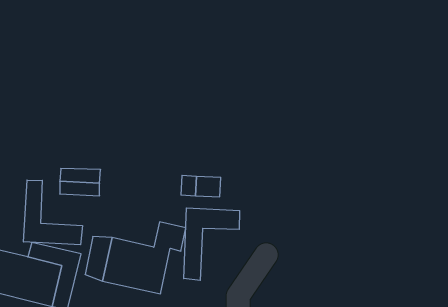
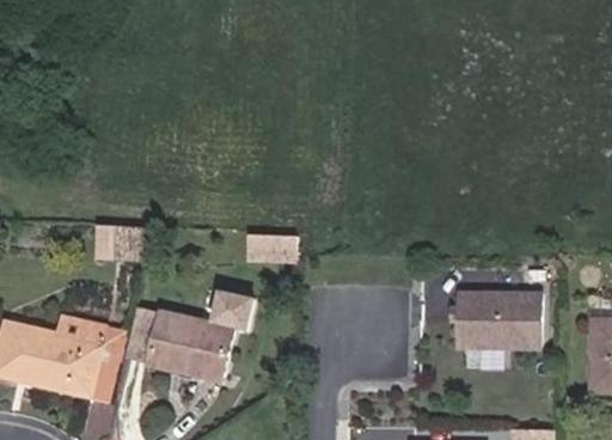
building: [24,180,82,245] -> none
building: [184,208,240,280] -> none
building: none -> [458,293,540,348]

